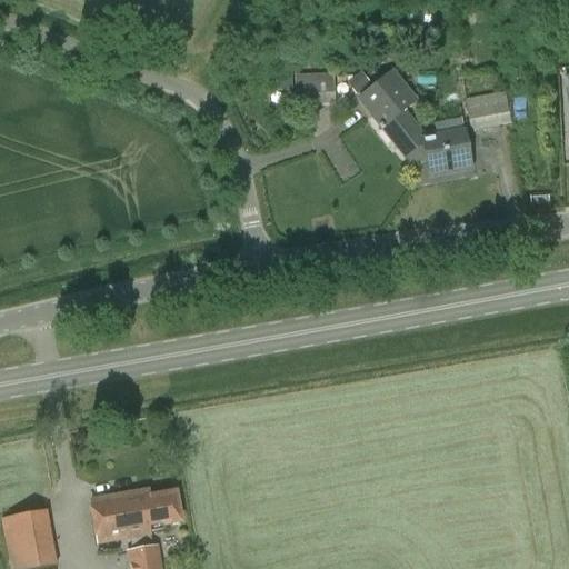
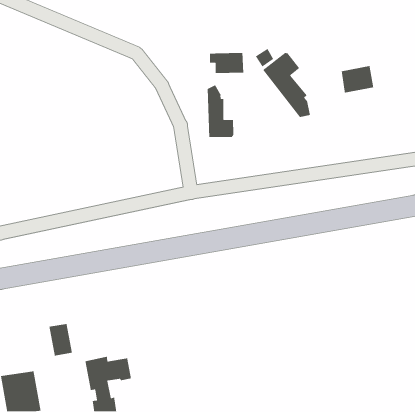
building: none -> [207,84,234,138]
building: [421,128,469,166] -> none
building: [91,493,124,539] -> [48,323,73,356]

